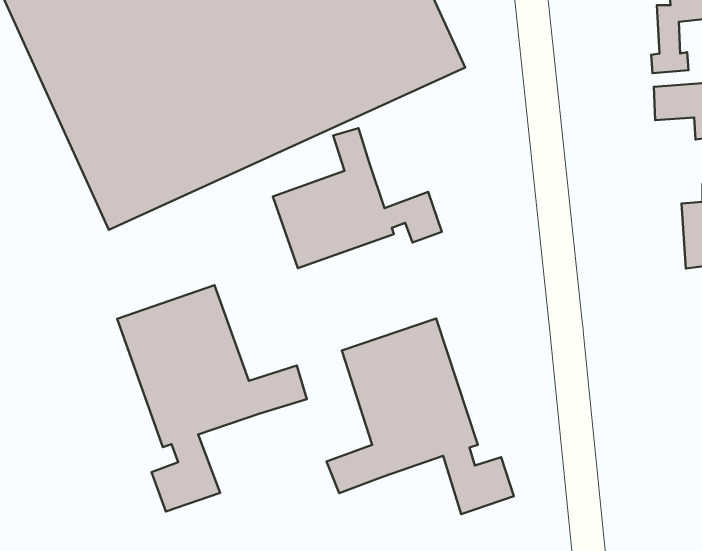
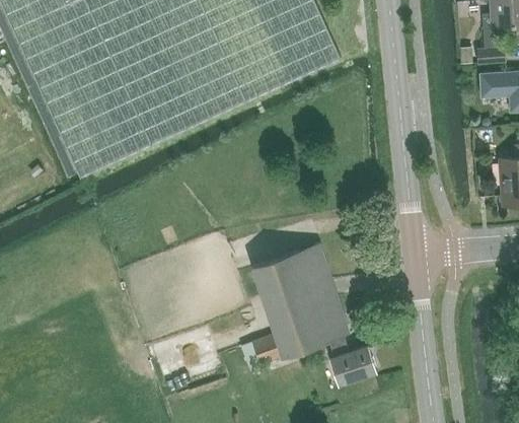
building: [273,128,442,268] -> none
building: [117,285,307,511] -> none

